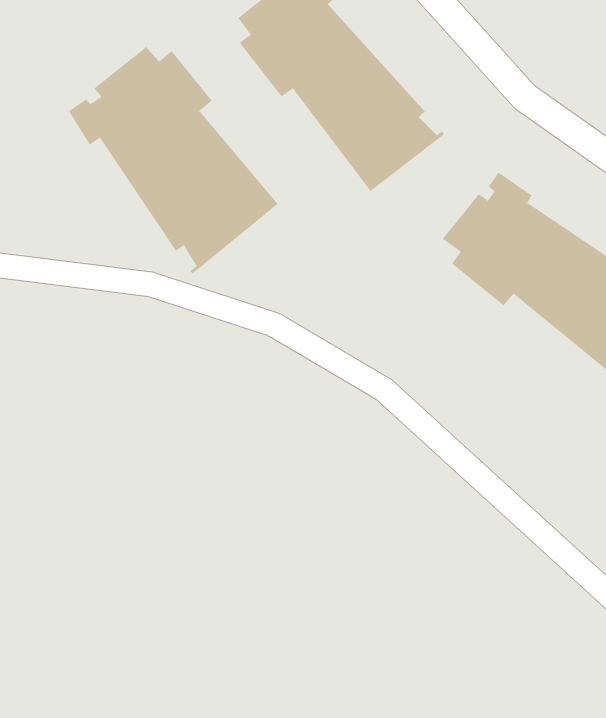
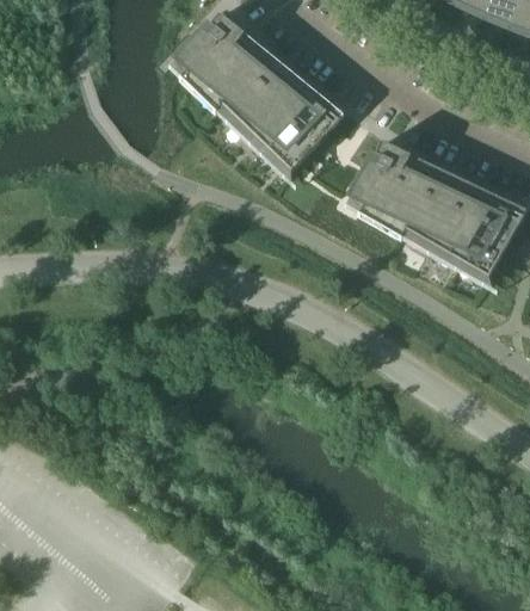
building: [68,46,278,274] -> none

